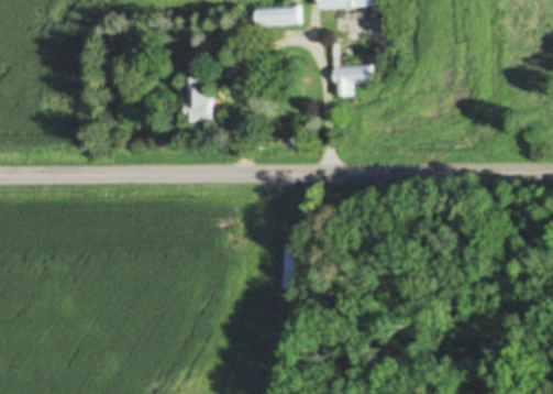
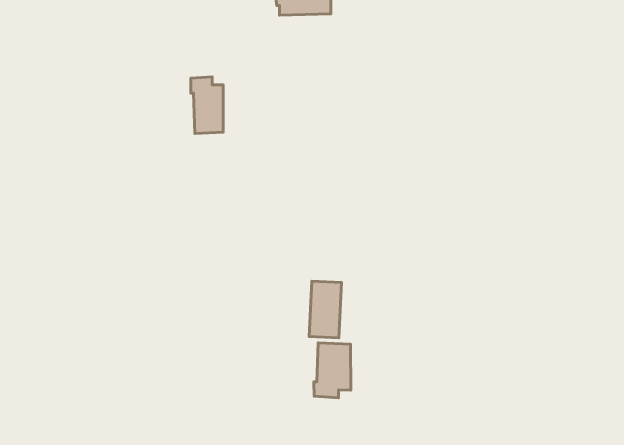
building: [330,45,369,98] -> none
building: none -> [314,343,351,398]

